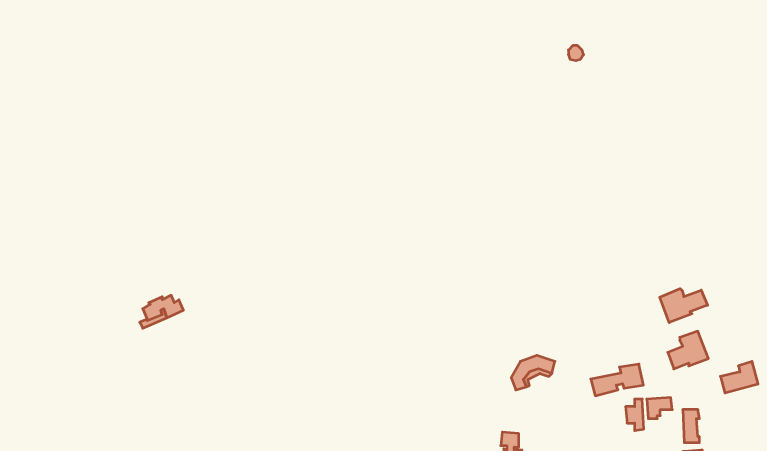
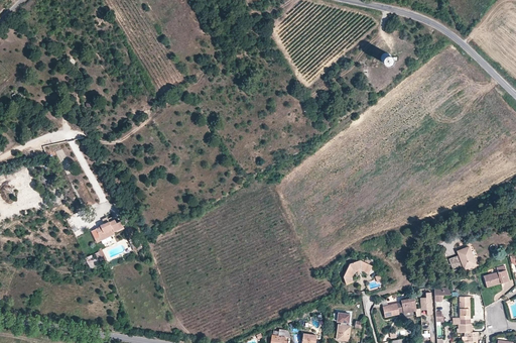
building: [660,289,708,323] -> none
building: [591,364,643,396] -> [381,296,416,317]

